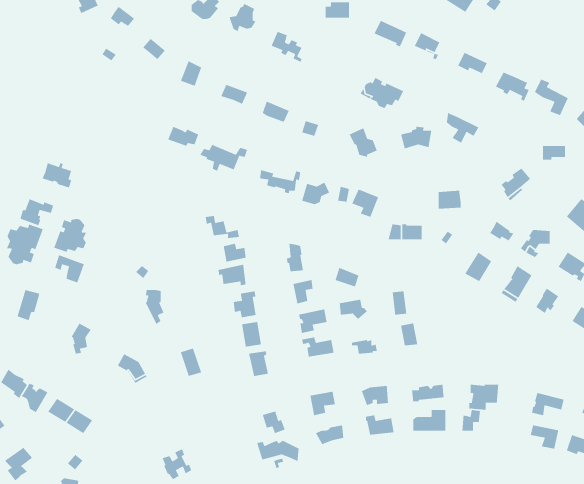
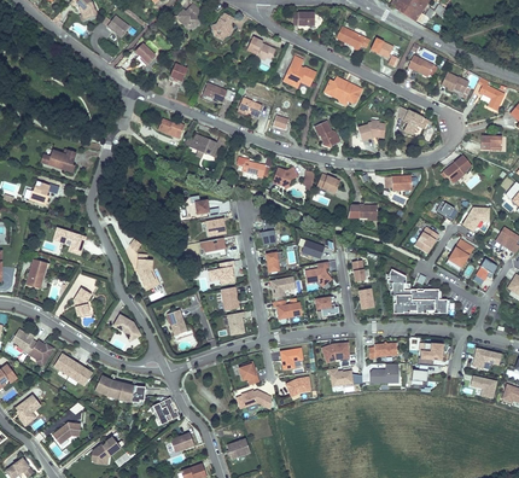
building: none -> [285,56,316,87]
building: [53,218,87,253] -> none
building: [6,224,44,265] -> none
building: none -> [386,269,449,314]
building: none -> [95,375,145,402]

